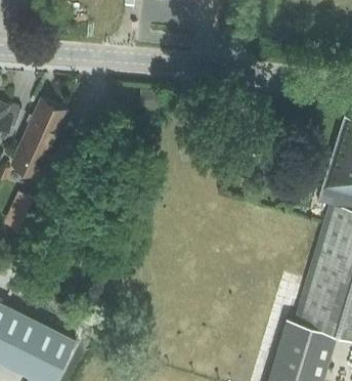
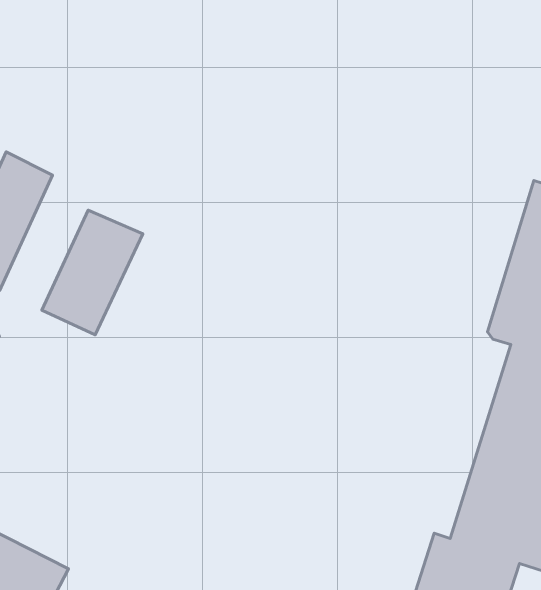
building: none -> [42,210,143,335]

